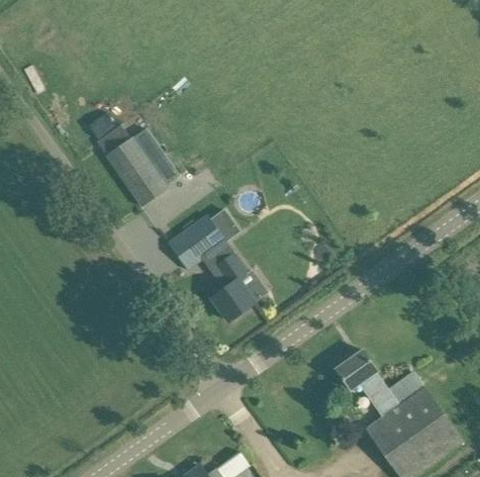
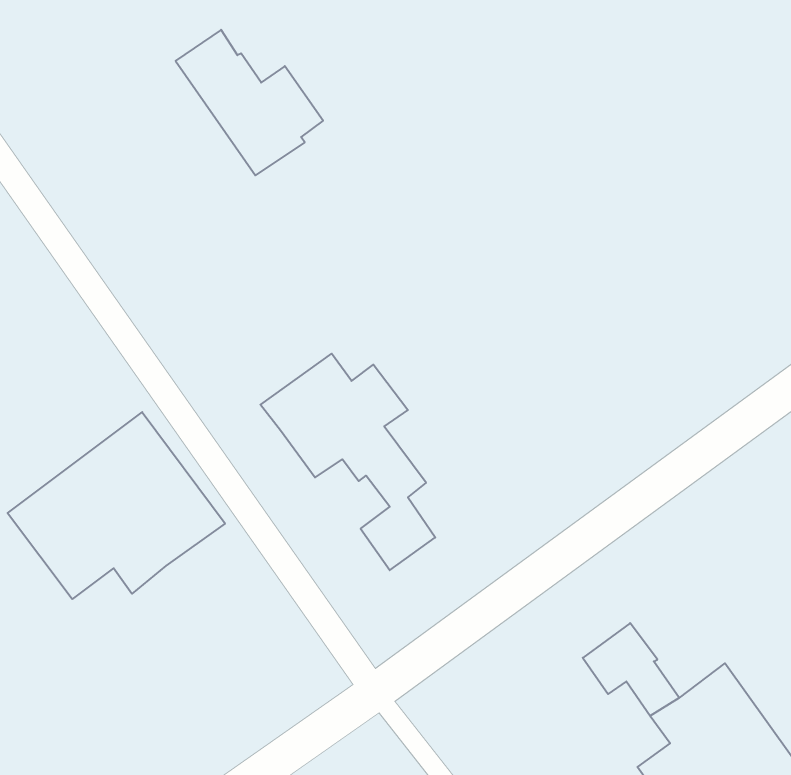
building: [96,125,178,206] -> [176,30,323,175]
building: none -> [8,412,225,599]

